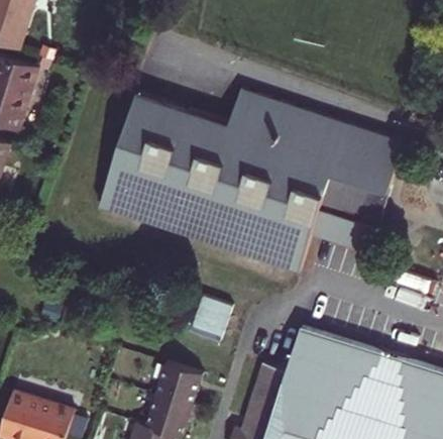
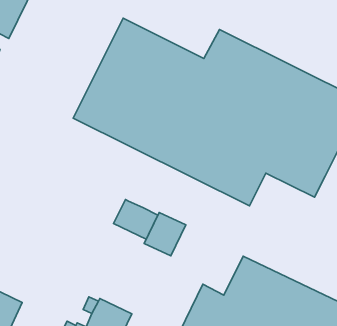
building: none -> [114,200,158,239]
building: [155,362,202,405] -> none

